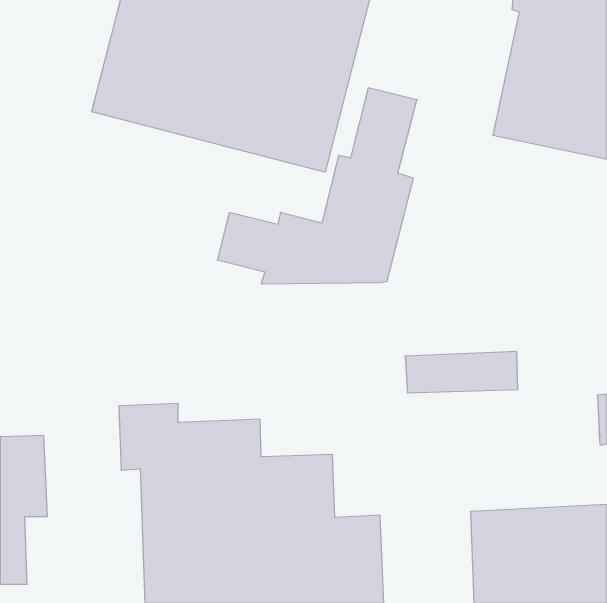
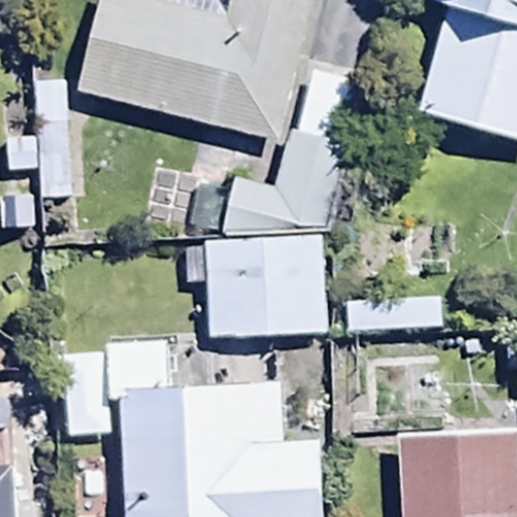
building: none -> [204,240,326,343]

